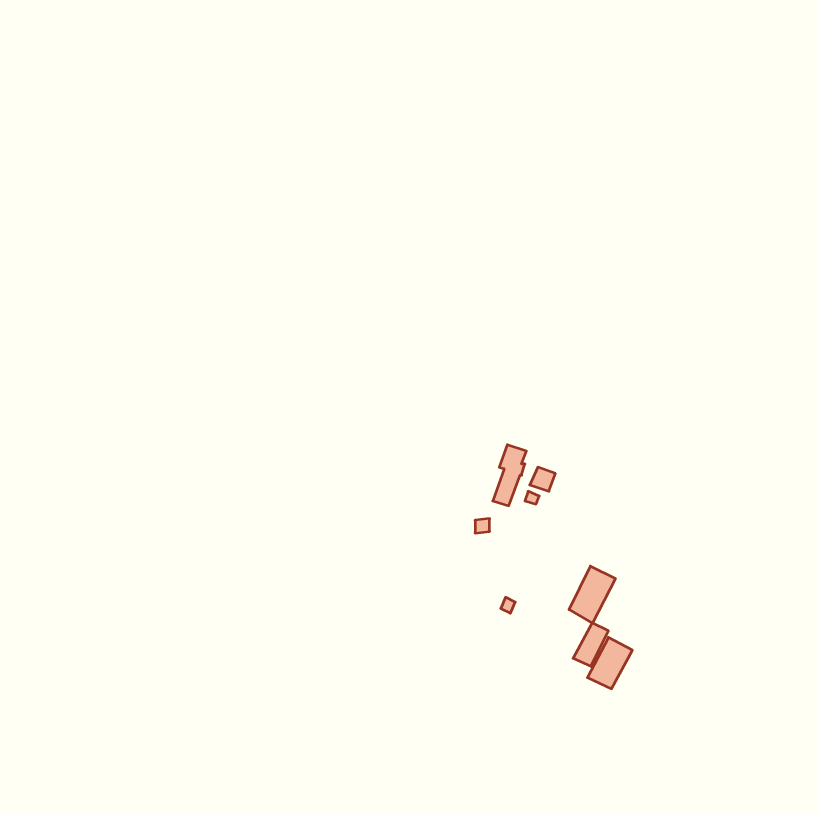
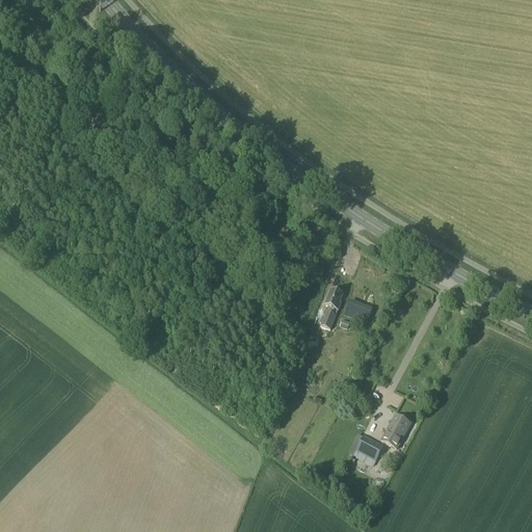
building: [569,566,615,623] -> none
building: none -> [354,434,384,464]

